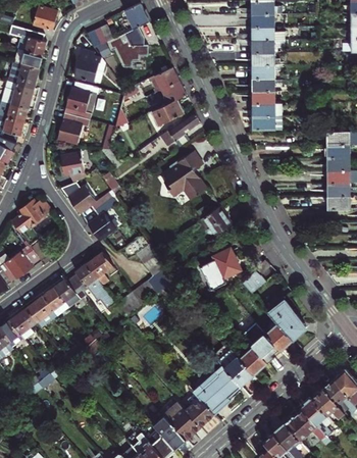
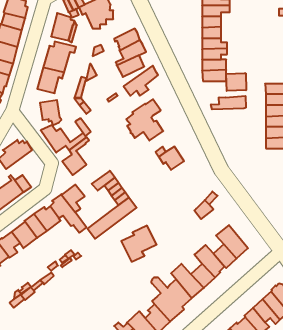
building: none -> [226,73,246,91]
building: none -> [211,96,246,109]
building: [199,248,241,291] -> [121,226,157,262]

